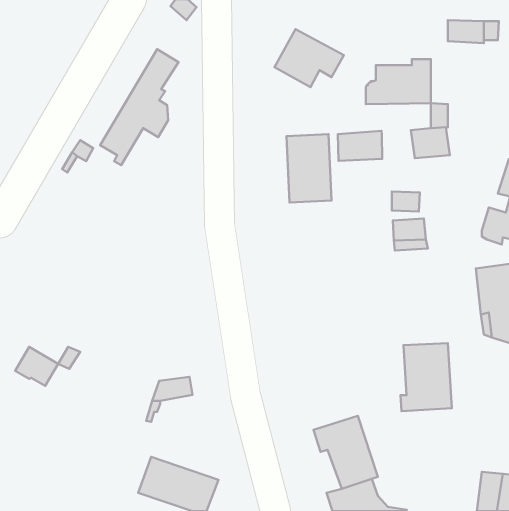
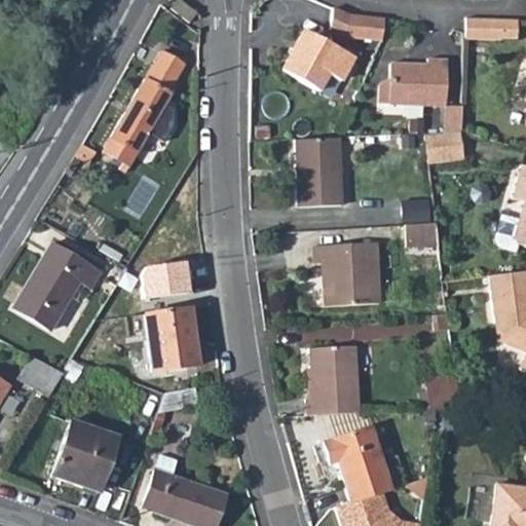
building: none -> [334,9,386,39]
building: [338,131,382,161] -> none
building: none -> [14,242,101,330]
building: none -> [315,243,381,306]
building: none -> [144,260,195,298]
building: none -> [147,309,199,370]
building: [401,343,452,411] -> [307,344,360,414]
building: none -> [53,419,118,490]

